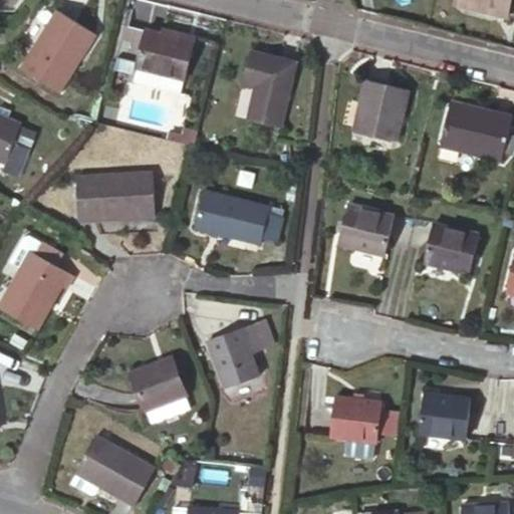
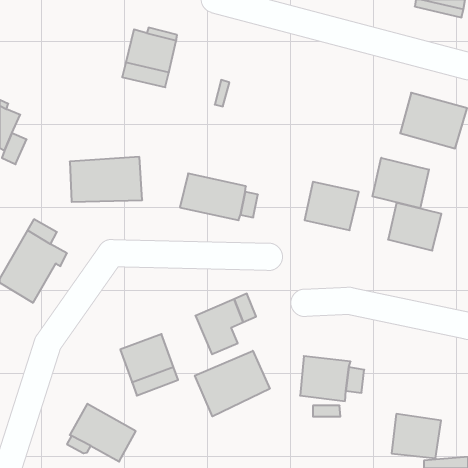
building: [21,9,95,91] -> none
building: [244,51,296,125] -> none
building: [349,73,406,138] -> none
building: none -> [372,158,429,208]
building: none -> [195,351,270,416]
building: [418,386,472,434] -> [392,414,441,458]

